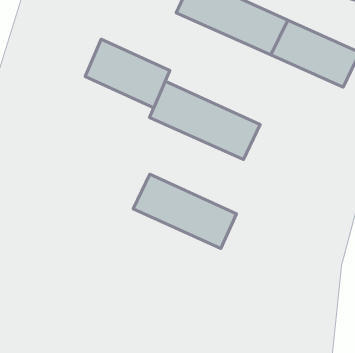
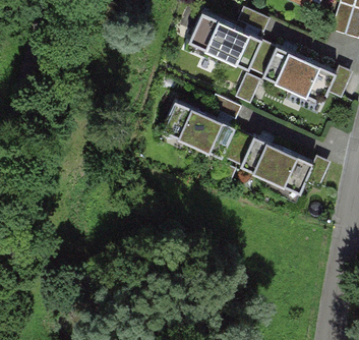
building: [85,39,170,108] -> none
building: [133,174,236,249] -> [239,136,326,200]

